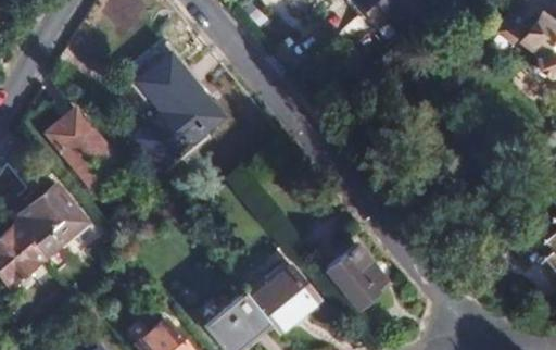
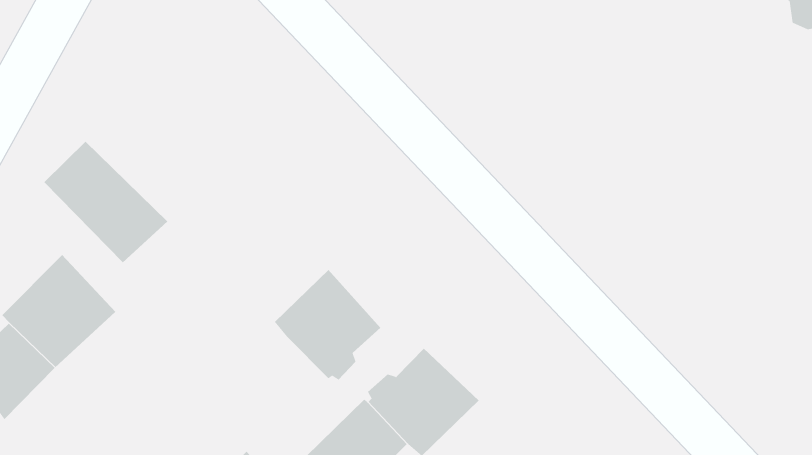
building: [132,55,219,172] -> none
building: none -> [274,269,381,381]
building: [326,245,389,310] -> none

